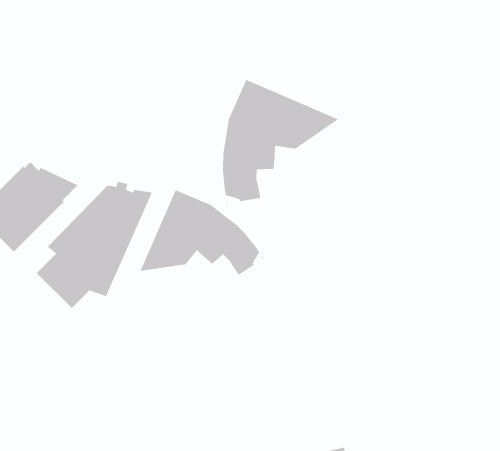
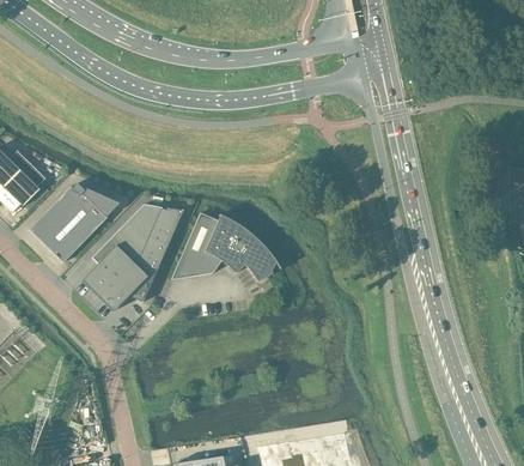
building: [222,79,340,205] -> none

